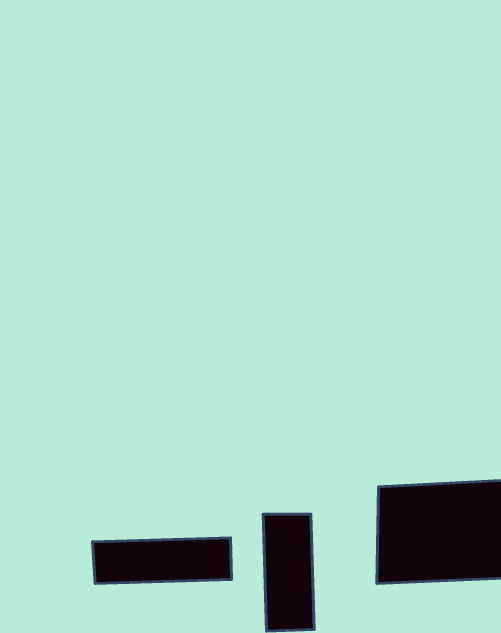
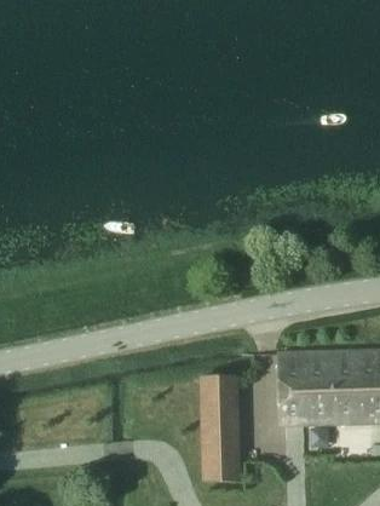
building: [92,538,231,584] -> none

